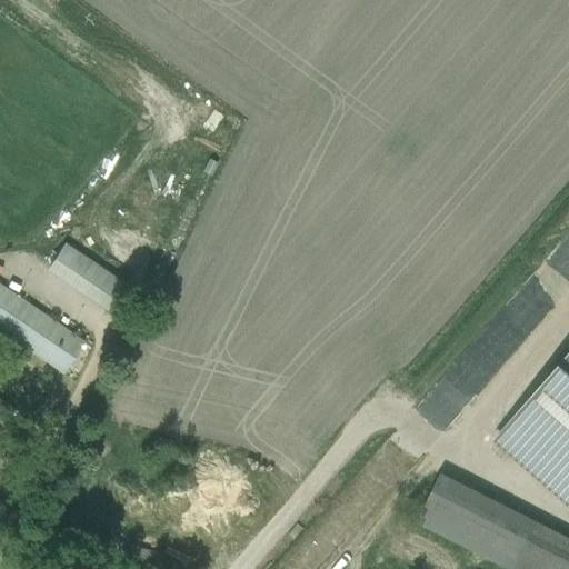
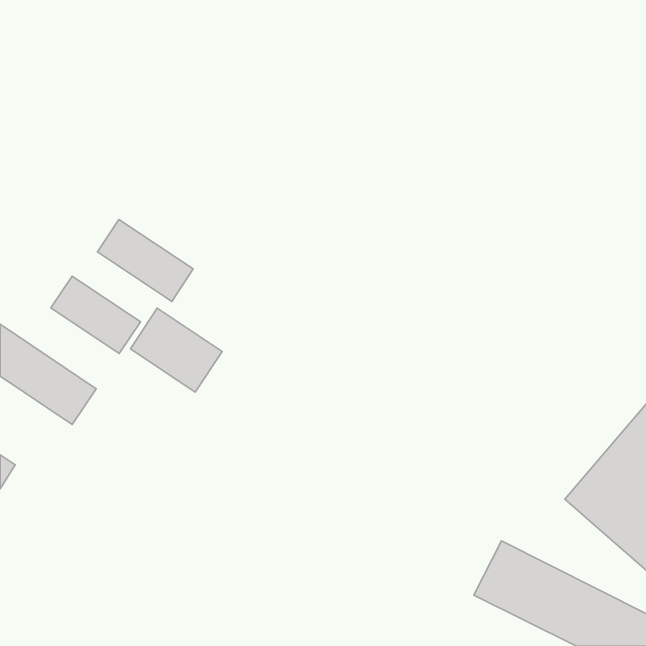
building: none -> [98,219,193,302]
building: none -> [130,308,222,392]

